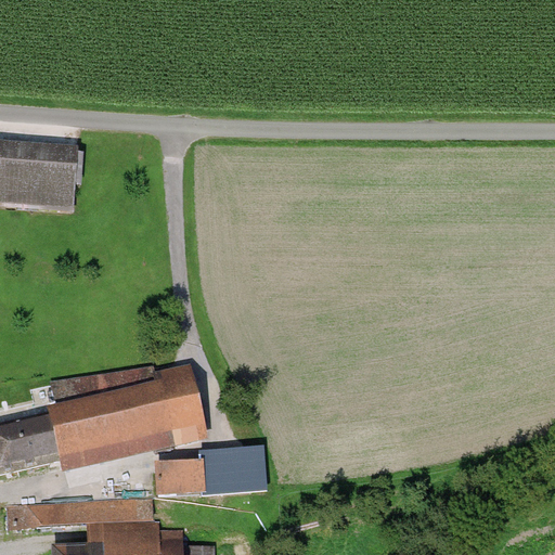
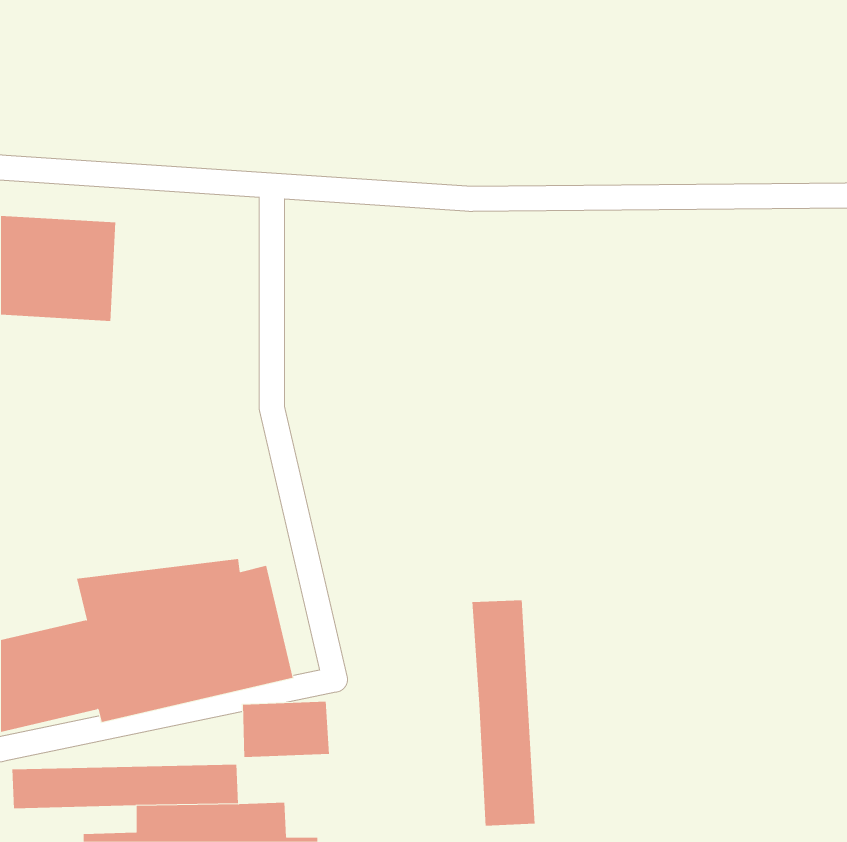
building: none -> [472,599,535,826]
building: [215,450,254,492] -> none

